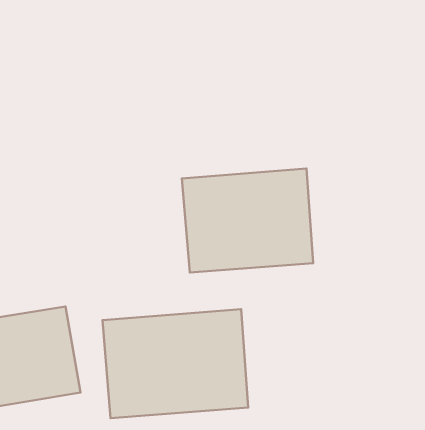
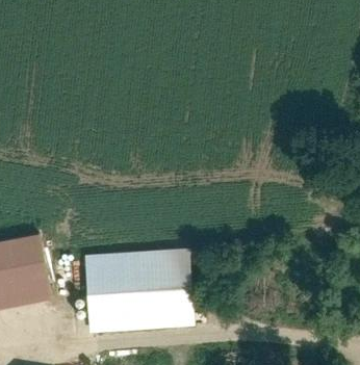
building: [182,169,313,273] -> none

